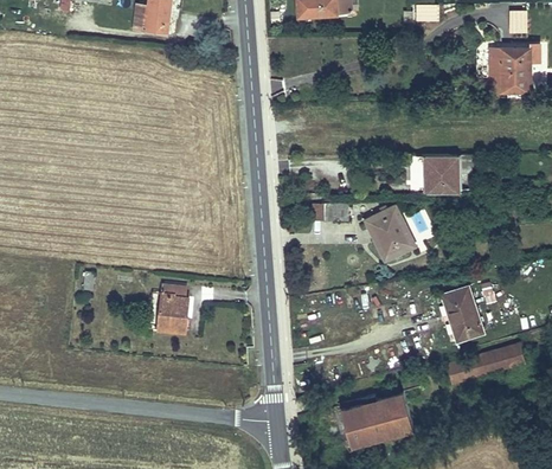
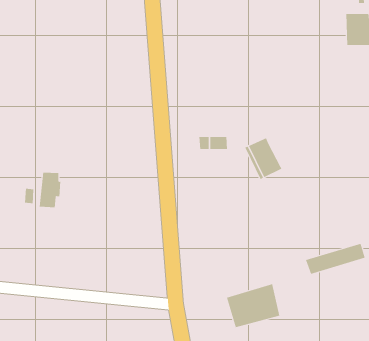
building: [423,155,455,194] -> none
building: [158,283,186,329] -> [39,172,61,208]
building: [443,287,487,347] -> none

